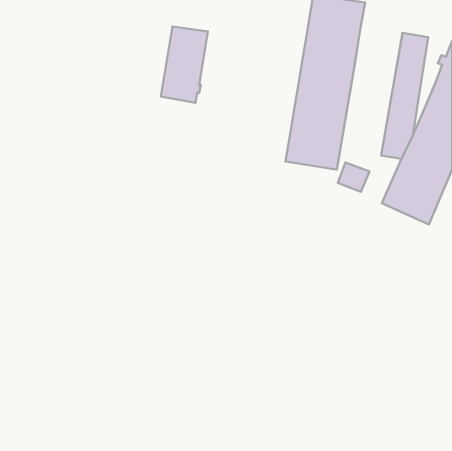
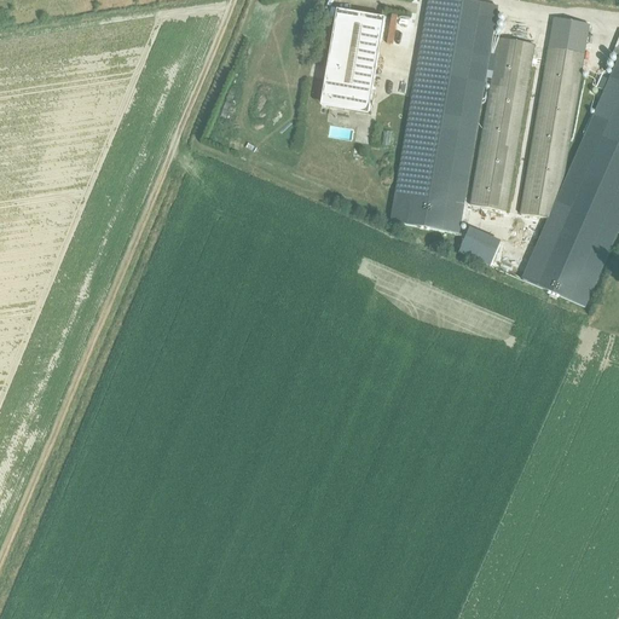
building: none -> [549,17,589,51]
building: none -> [469,35,533,209]
building: [161,26,208,103] -> [320,8,384,112]

